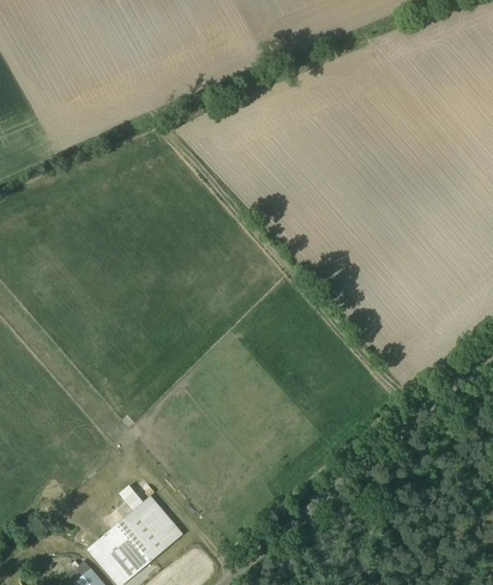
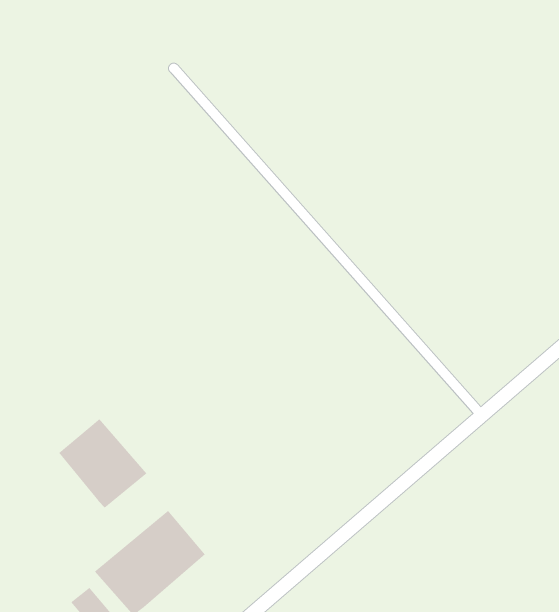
building: none -> [58,418,147,508]

